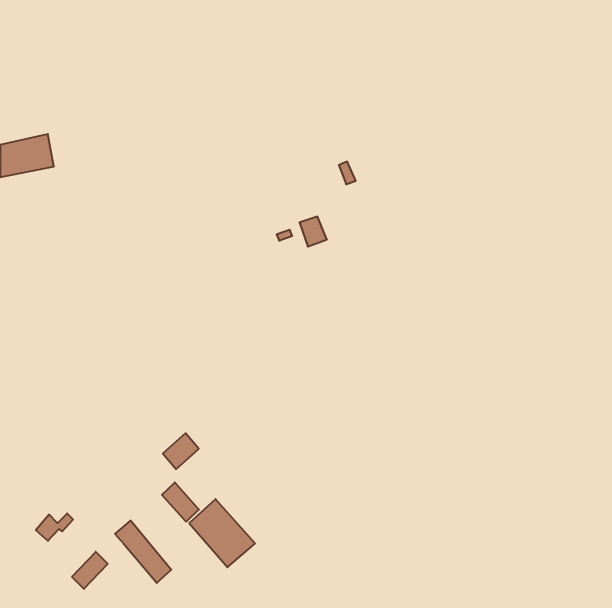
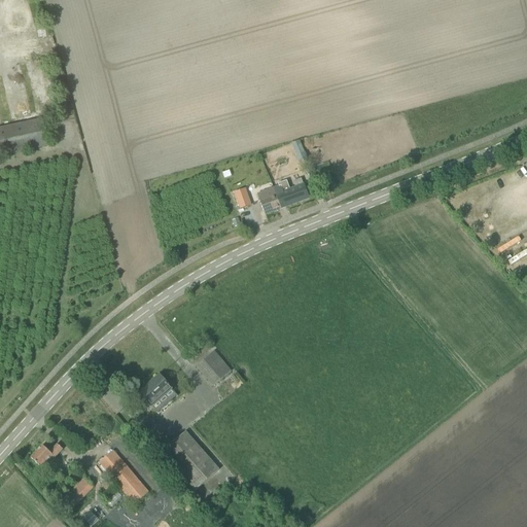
building: none -> [273,178,309,206]
building: none -> [196,349,231,383]
building: [162,482,199,522] -> none

